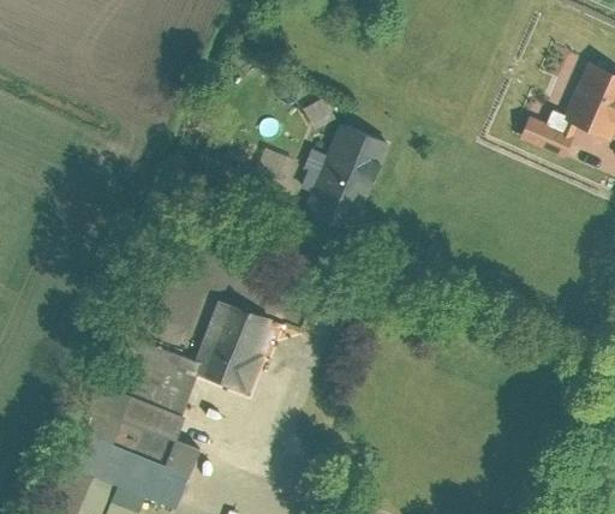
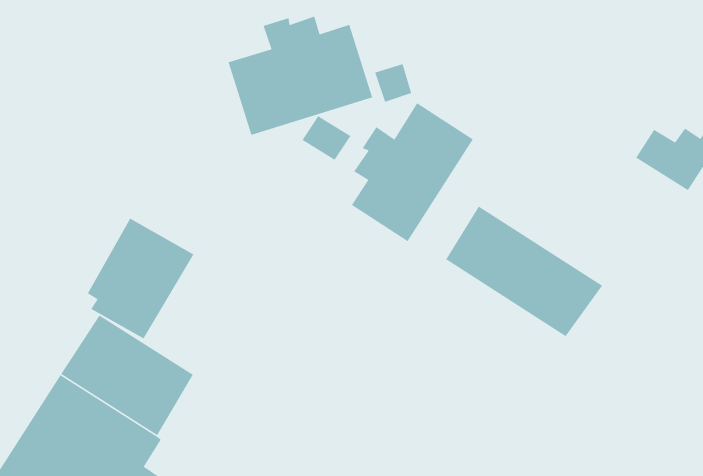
building: none -> [228,16,373,136]
building: none -> [445,205,603,337]
building: [196,297,275,390] -> [87,217,195,340]

